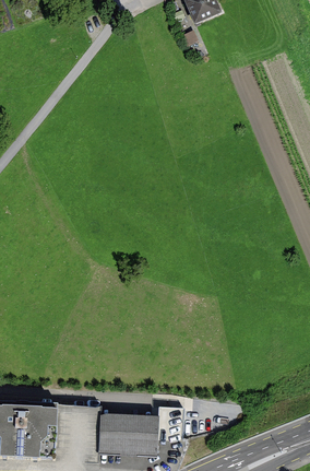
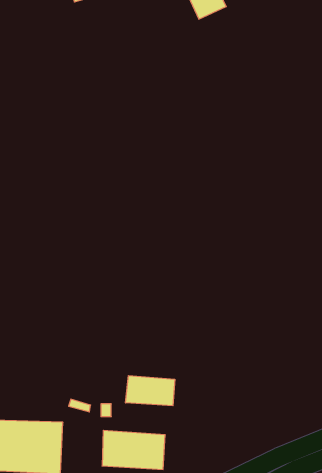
building: none -> [126,376,175,406]

